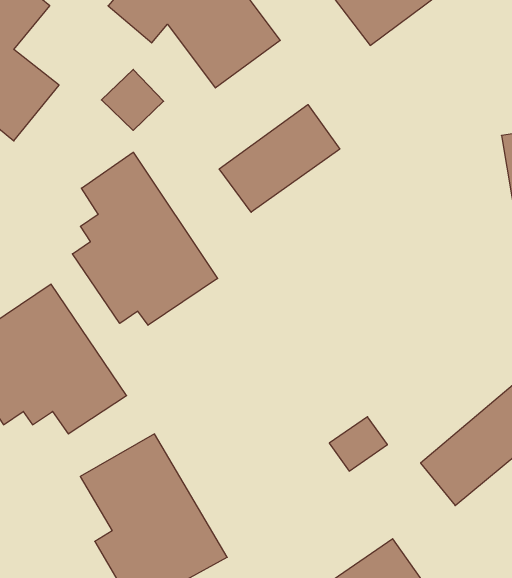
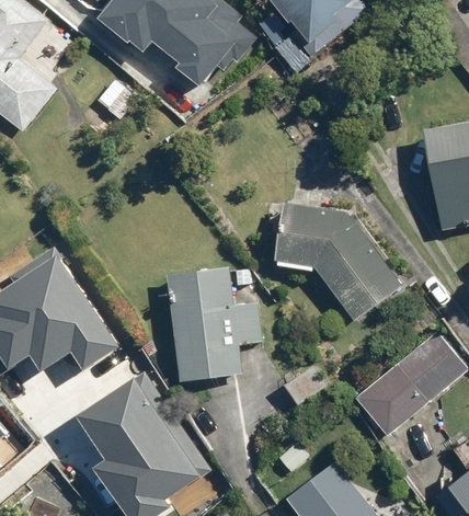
building: [219,105,340,212] -> none
building: [72,152,218,325] -> none
building: none -> [276,202,401,319]
building: none -> [167,265,262,383]

